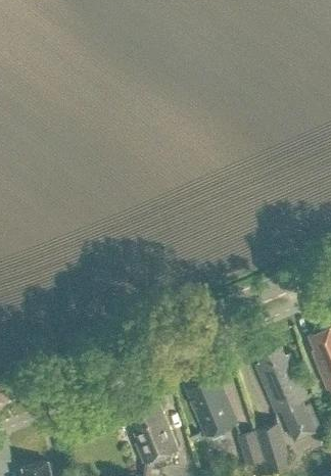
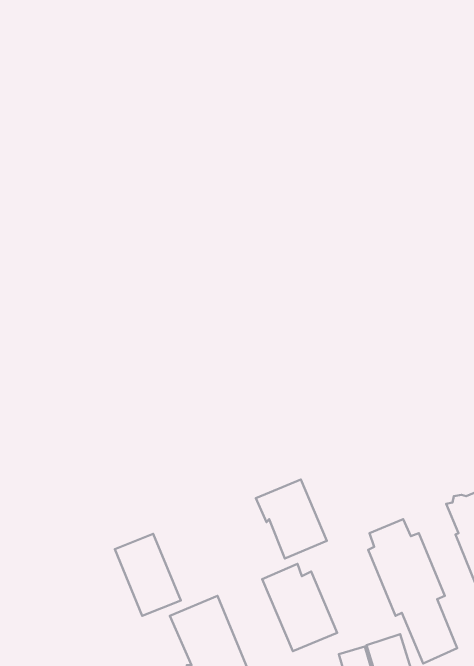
building: none -> [256,480,327,559]
building: none -> [115,534,181,616]

